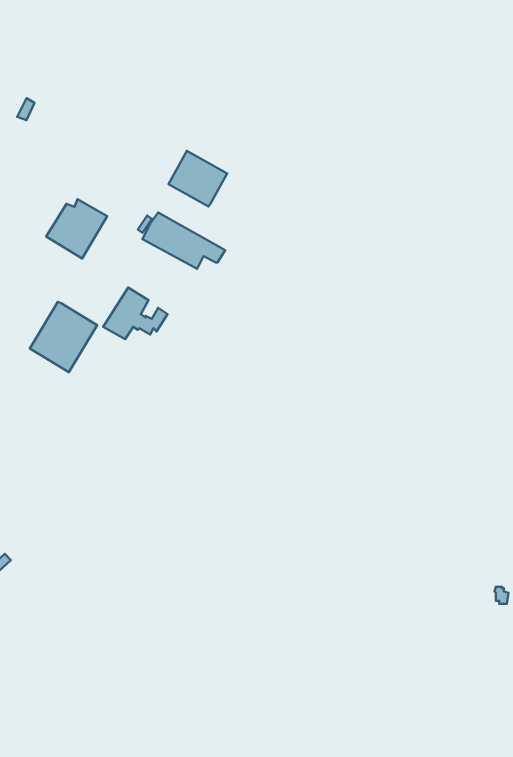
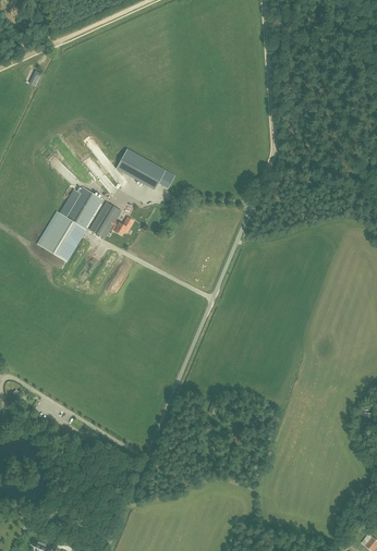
building: [168,151,227,207] -> none
building: [46,199,107,259] -> [60,186,102,228]

